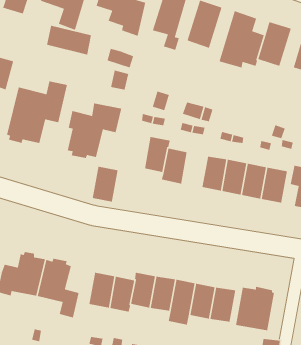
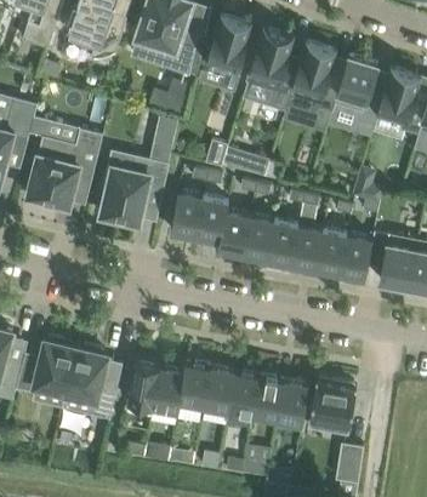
building: [46,25,92,55] -> none
building: none -> [241,216,273,259]
building: [92,166,118,202] -> [170,192,203,236]

